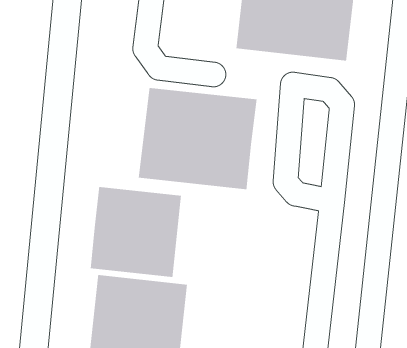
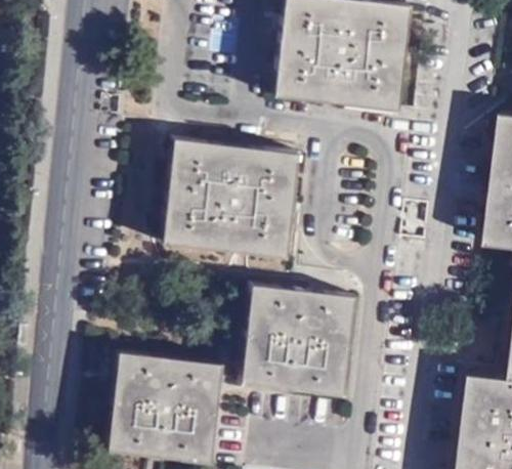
building: [90,186,182,278] -> none
building: none -> [238,288,354,396]

